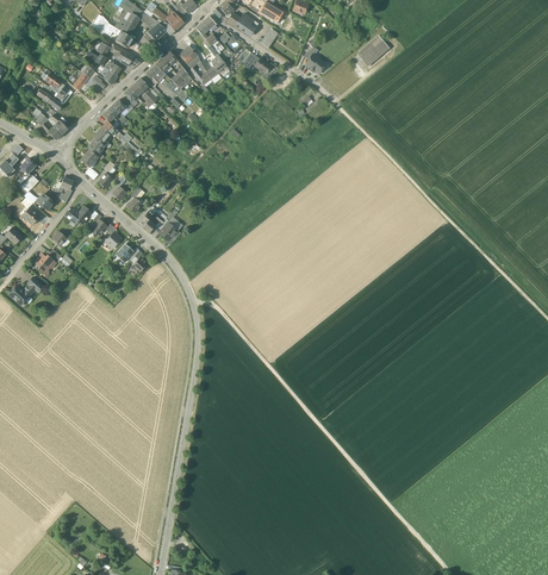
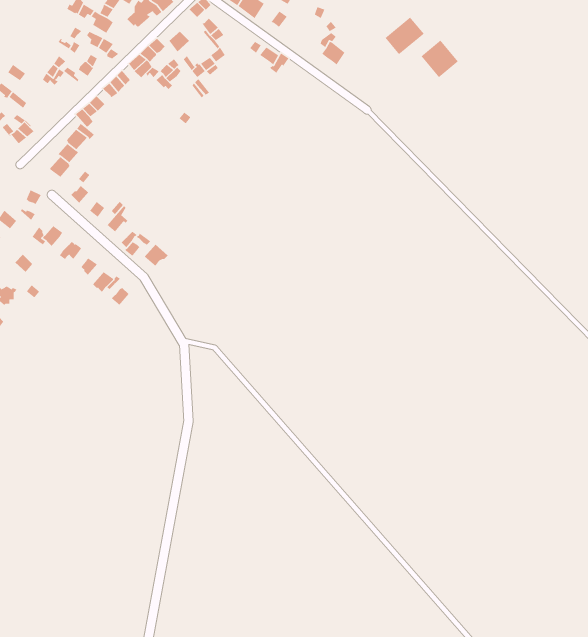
building: none -> [421,39,459,78]

